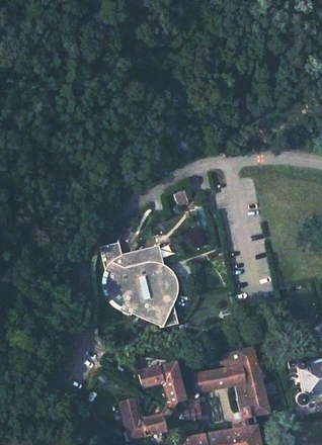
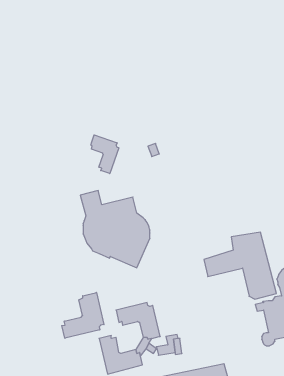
building: none -> [91,135,119,174]
building: [192,347,270,419] -> [204,232,276,299]
building: none -> [62,292,104,338]

